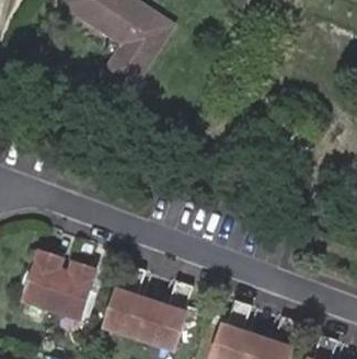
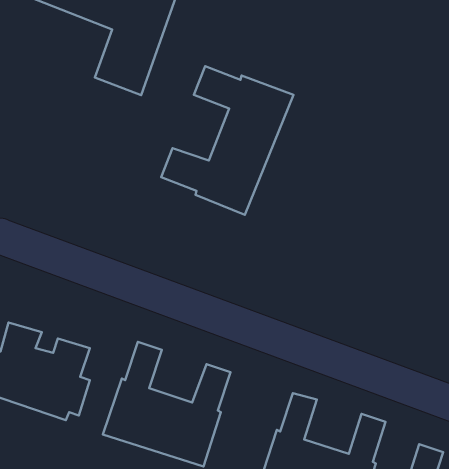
building: none -> [161,66,293,215]

